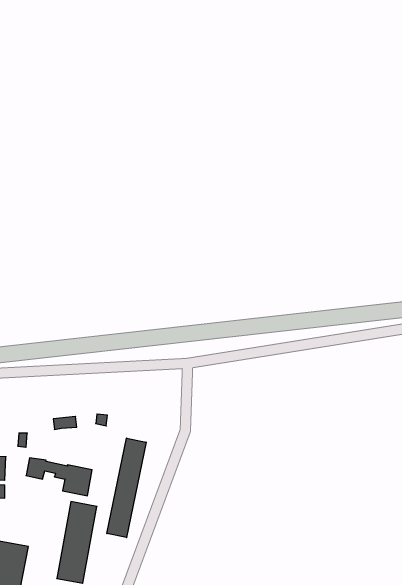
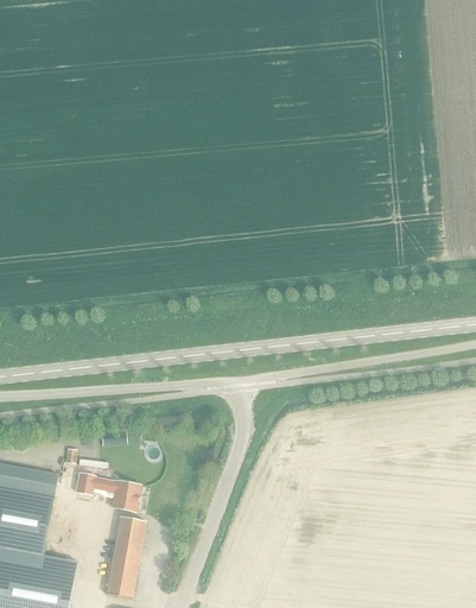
building: [107,438,146,538] -> none

